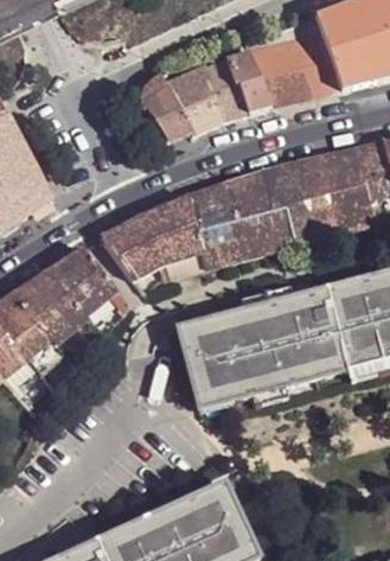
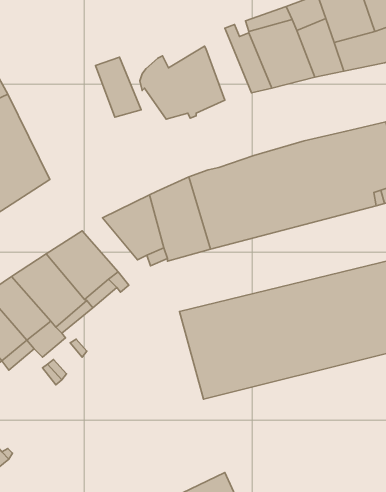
building: [205,58,250,117] -> [96,57,141,117]

